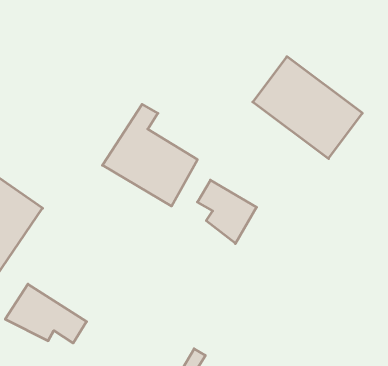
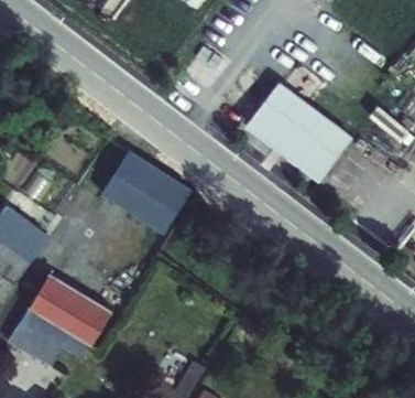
building: [197,180,257,244] -> none
building: none -> [29,275,112,347]

